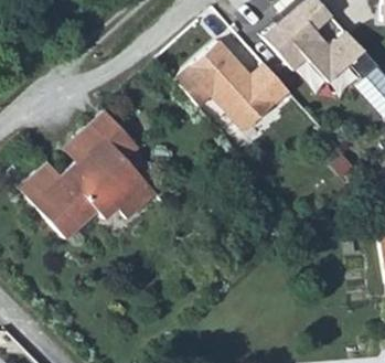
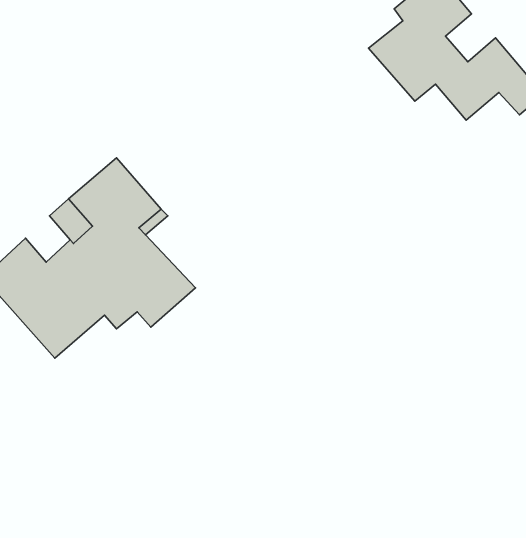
building: [173,38,287,130] -> none

